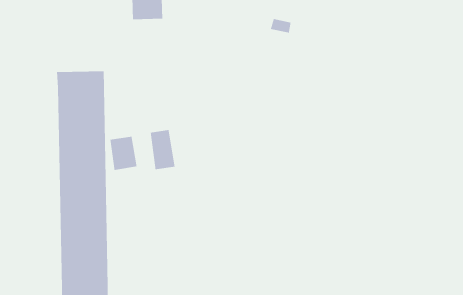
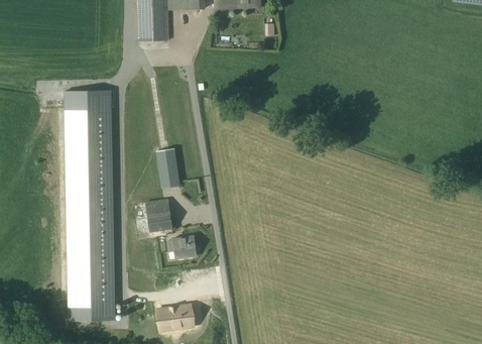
building: [110,136,137,171] -> [145,198,172,232]
building: none -> [166,235,195,257]

